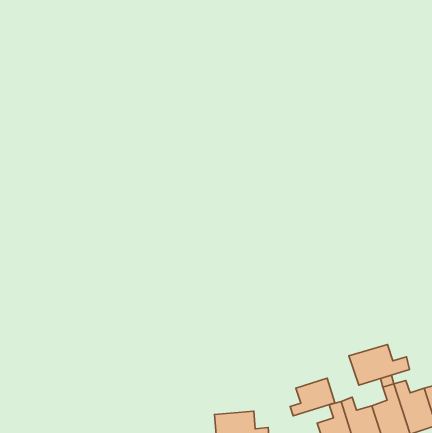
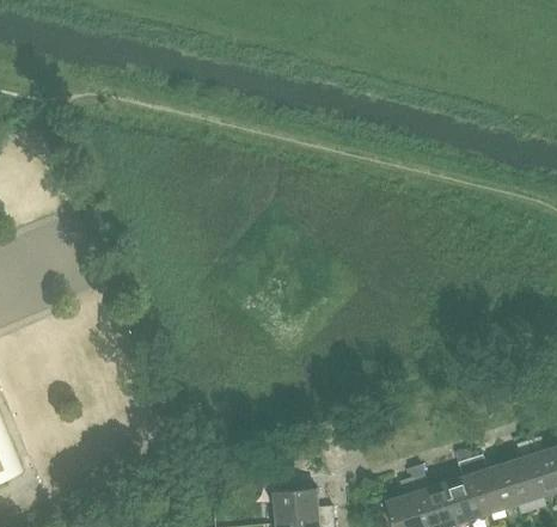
building: [349,344,410,385] -> none
building: [290,378,335,416] -> none

